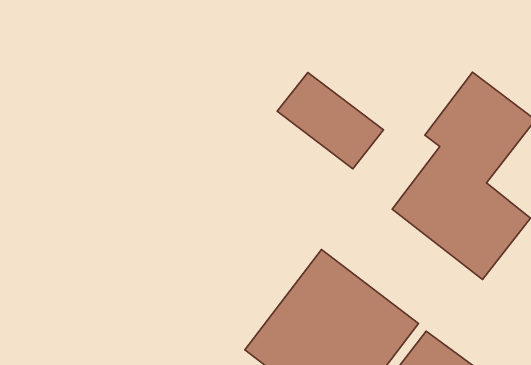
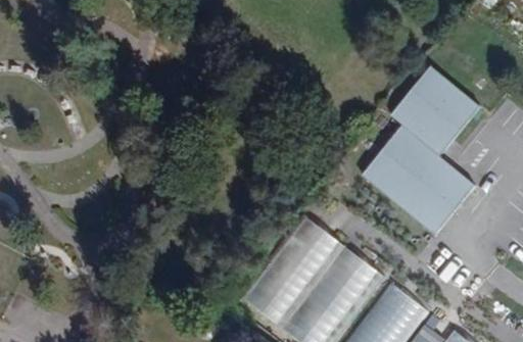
building: [277,72,384,169] -> none

